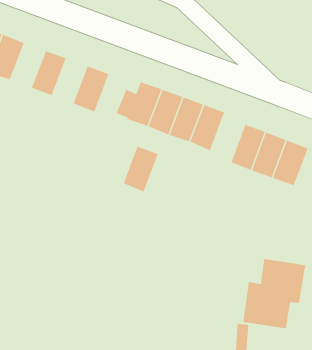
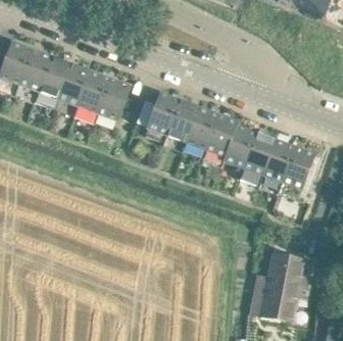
building: none -> [37,55,69,97]
building: none -> [76,69,108,111]
building: [123,142,158,192] -> [222,119,254,166]

